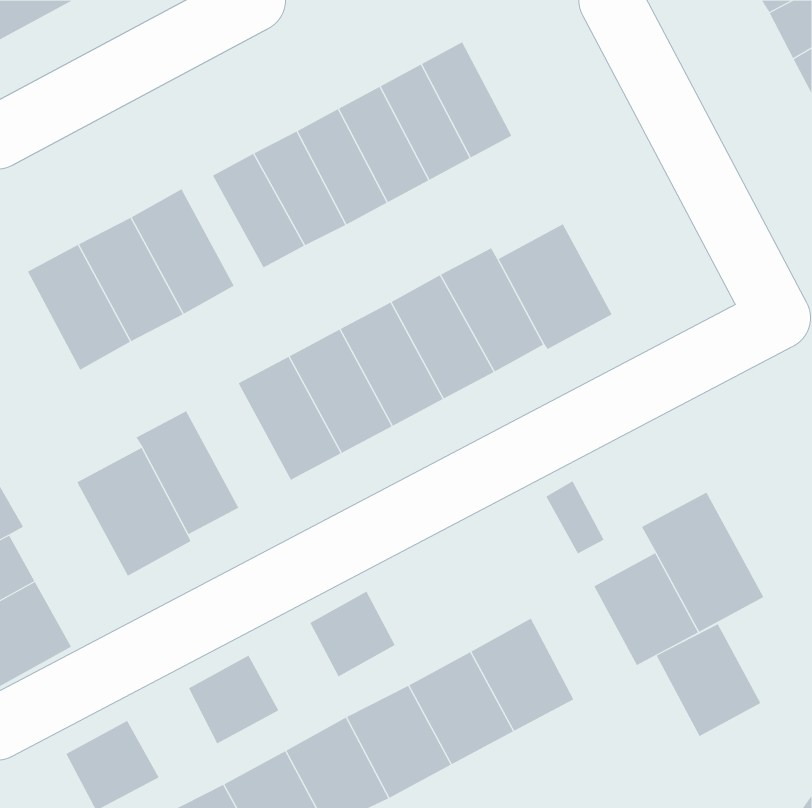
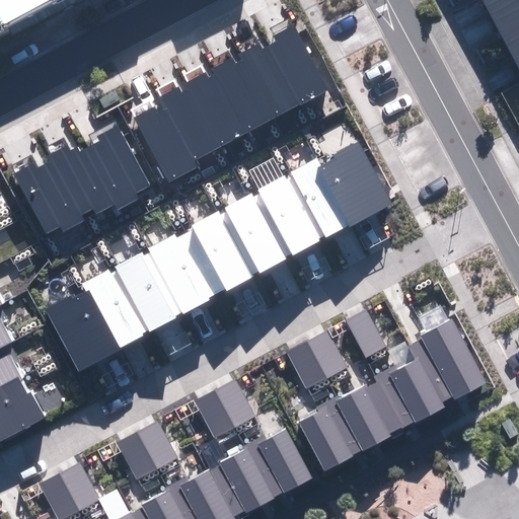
building: none -> [119,248,184,327]
building: none -> [288,333,344,387]
building: [656,623,761,737] -> [338,377,404,449]

